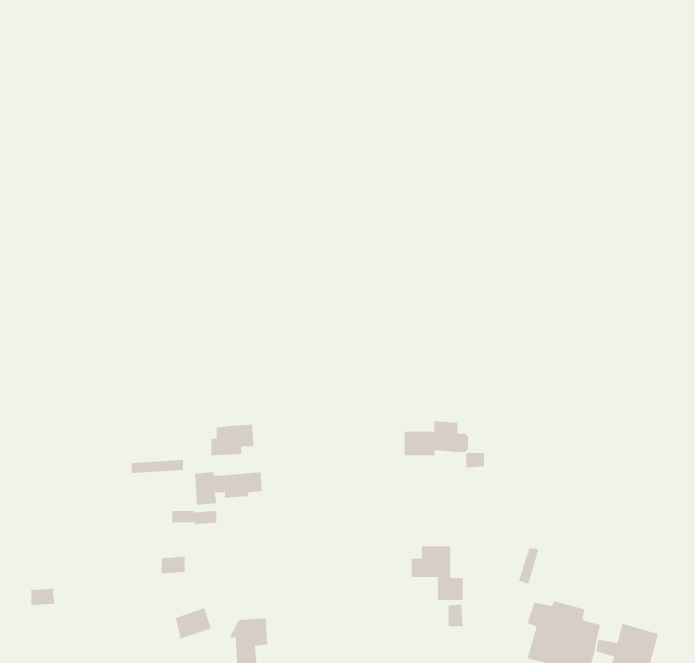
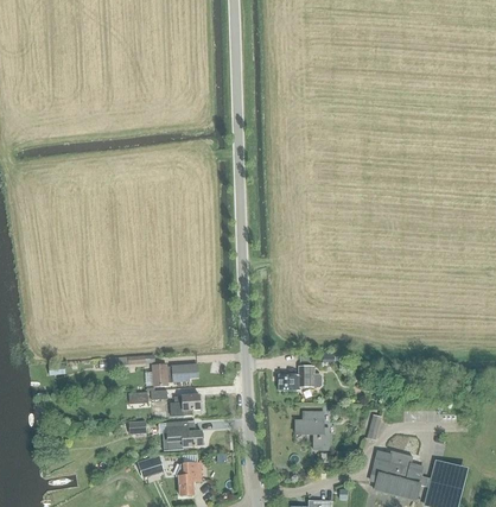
building: [404,421,469,456] -> [278,367,322,391]
building: [211,424,255,456] -> [170,393,199,414]
building: none -> [165,420,202,445]

